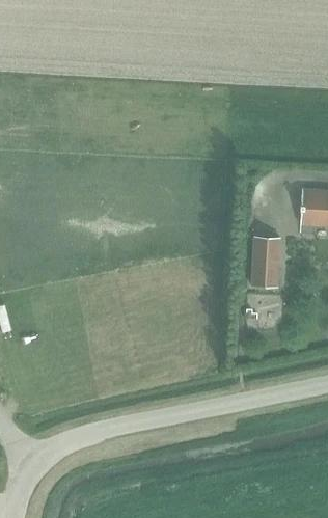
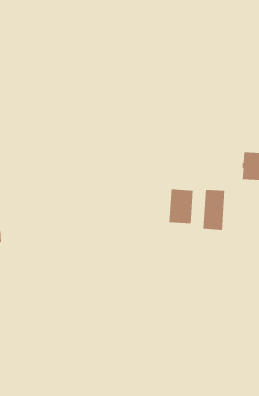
building: none -> [169,188,193,224]

